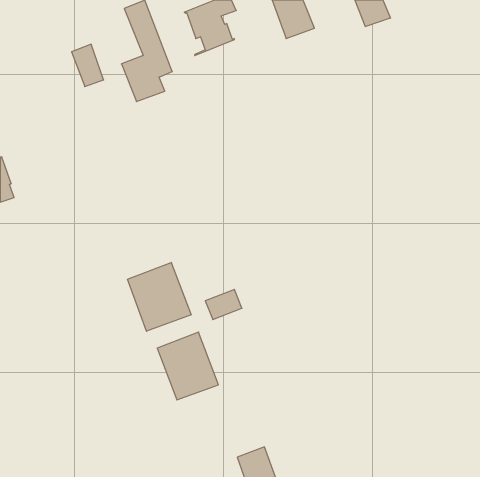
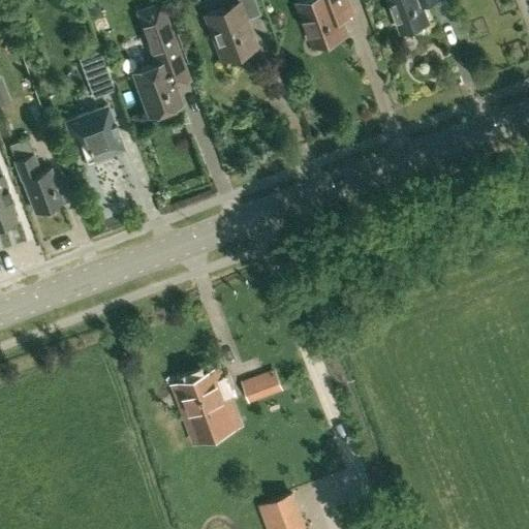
building: none -> [66,107,125,163]
building: none -> [9,139,63,214]
building: [128,262,191,331] -> none
building: [205,289,242,320] -> [242,371,282,404]

